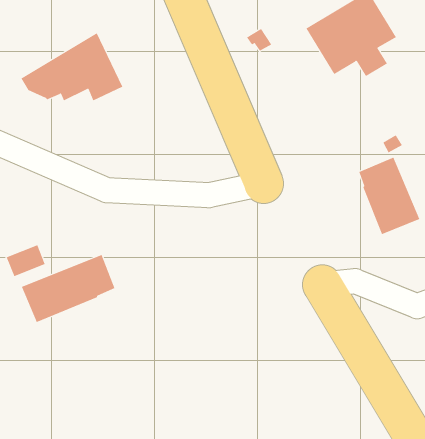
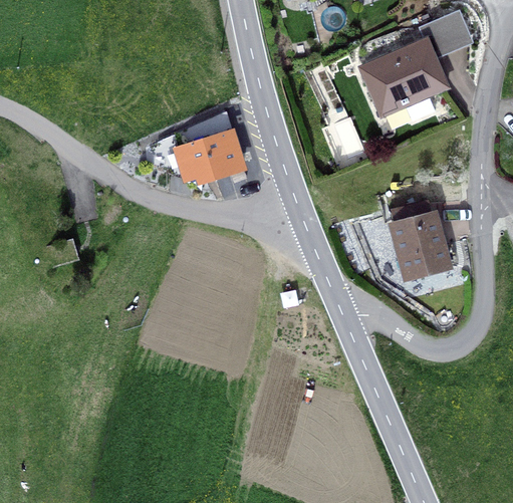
building: [21,33,123,101] -> [147,115,244,181]
building: [21,254,115,323] -> none

